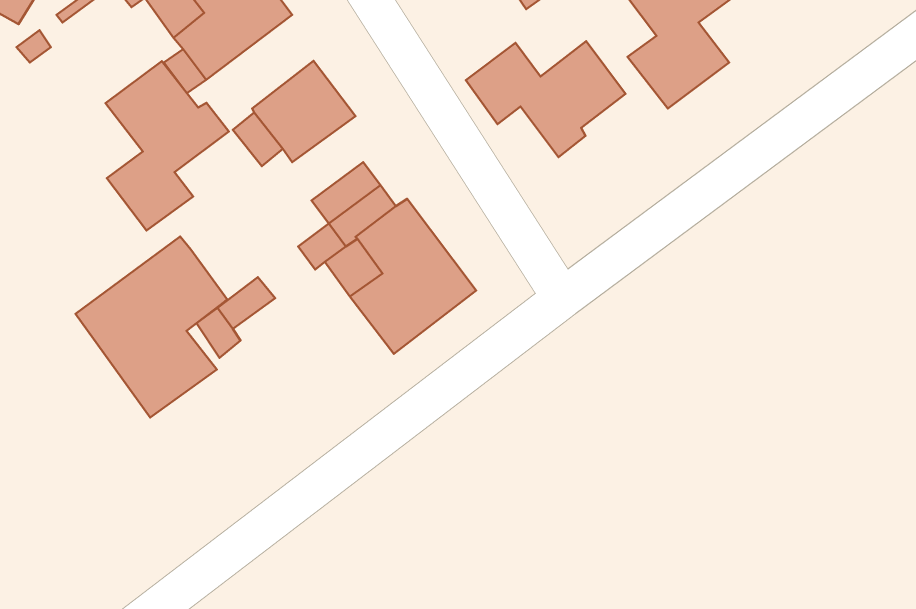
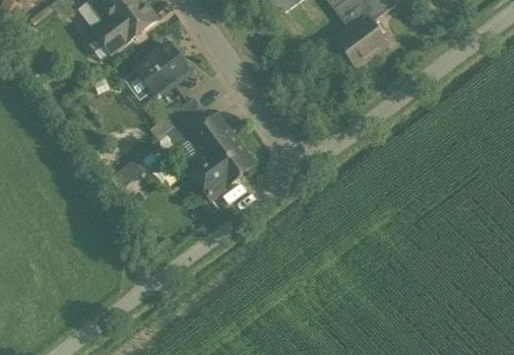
building: [466,41,625,157] -> none
building: [106,61,229,231] -> none
building: [75,236,228,418] -> none

